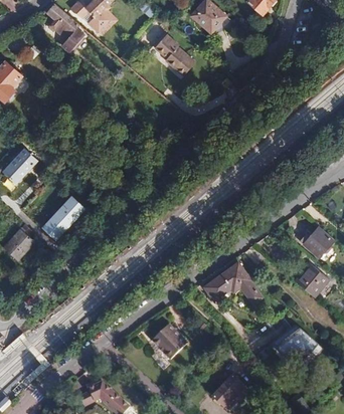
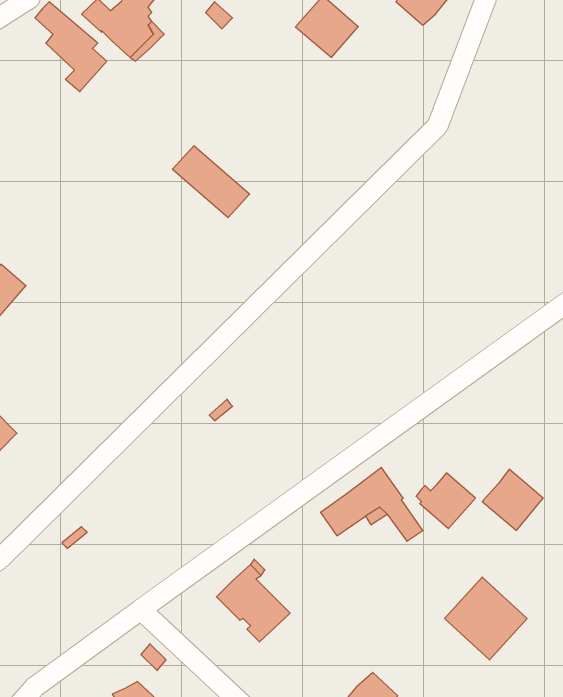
building: [154,36,197,76] -> [172,146,250,218]
building: [42,194,88,241] -> none
building: [301,227,334,258] -> [416,473,475,529]

